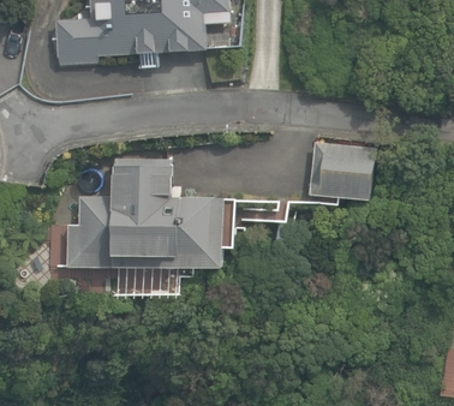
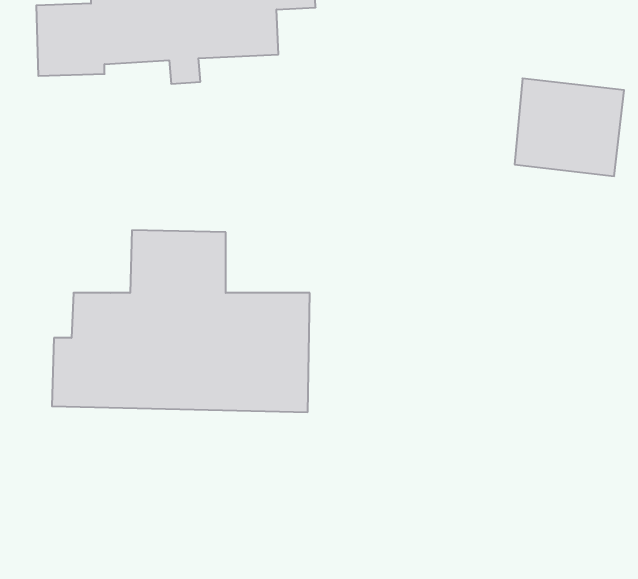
building: [309,142,376,202] -> [515,78,624,176]

